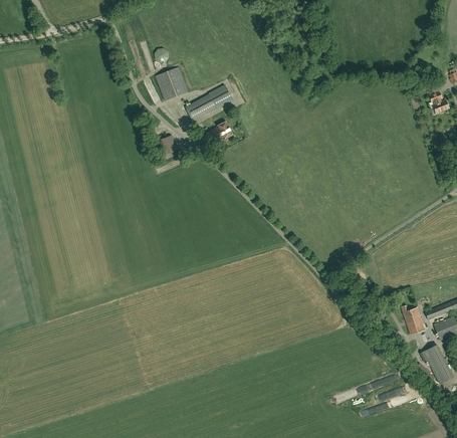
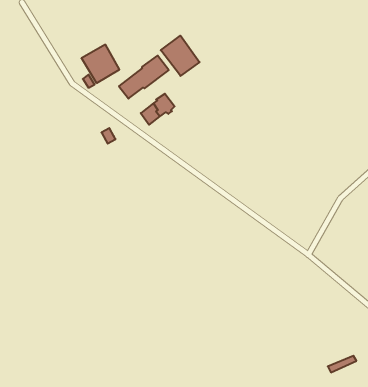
building: none -> [161,36,200,76]

